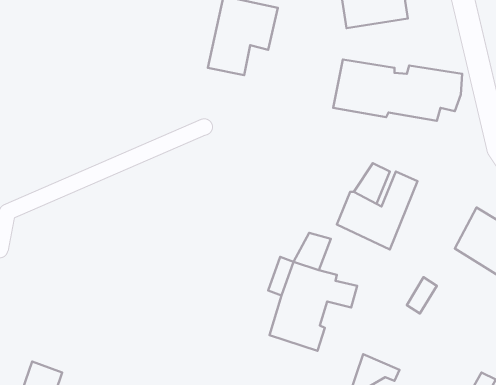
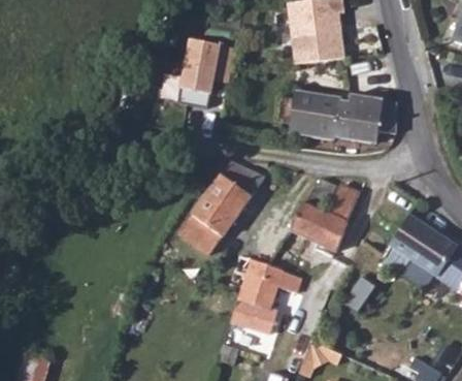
building: none -> [178,160,265,257]

